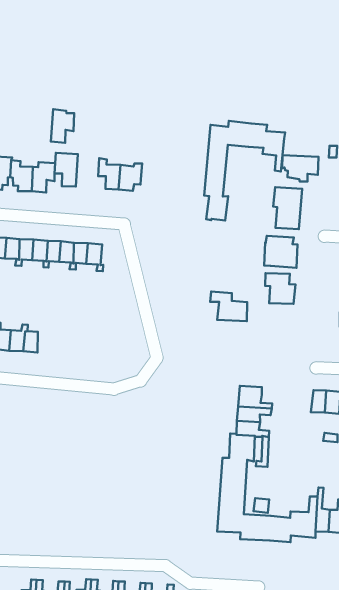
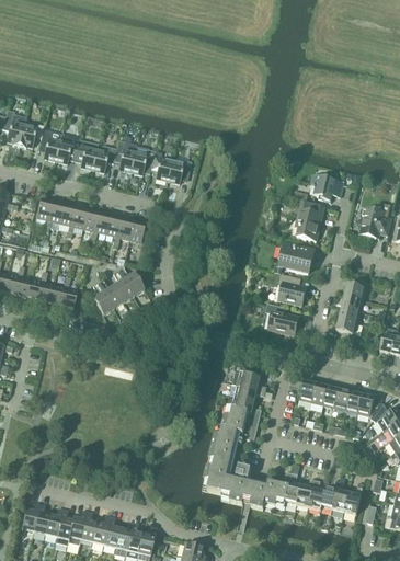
building: [51,109,74,143] -> [130,144,155,174]
building: [204,121,285,221] -> none
building: [210,292,247,321] -> [265,302,297,333]
building: none -> [92,272,144,314]

